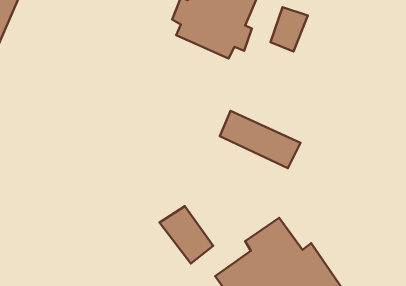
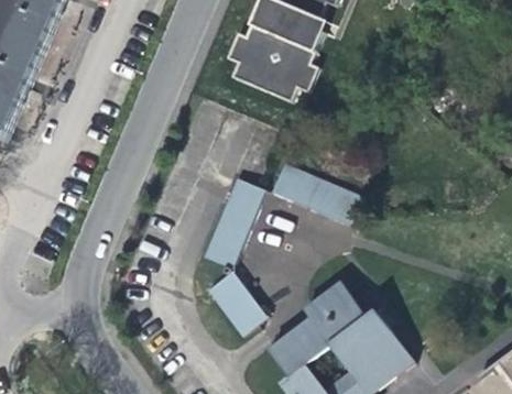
building: [270,7,308,51] -> none
building: none -> [203,175,270,270]

